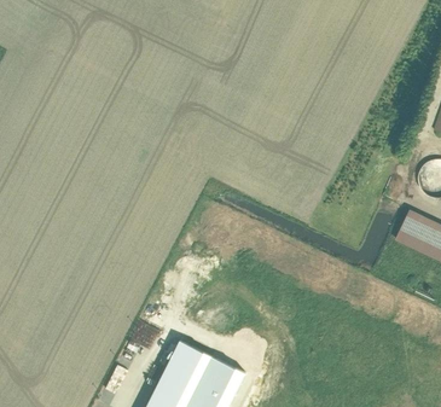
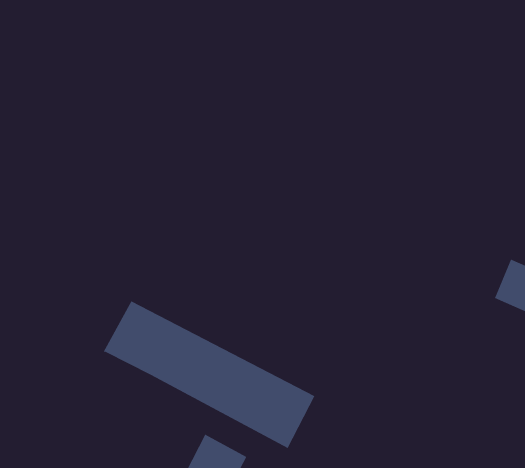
building: none -> [103,300,315,449]

